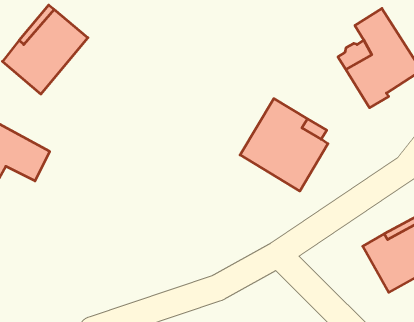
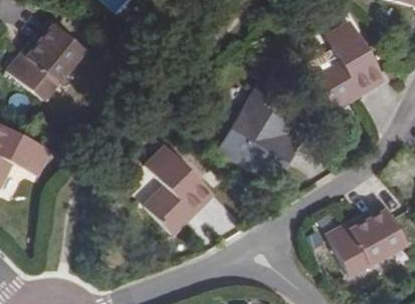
building: none -> [146,145,211,235]

